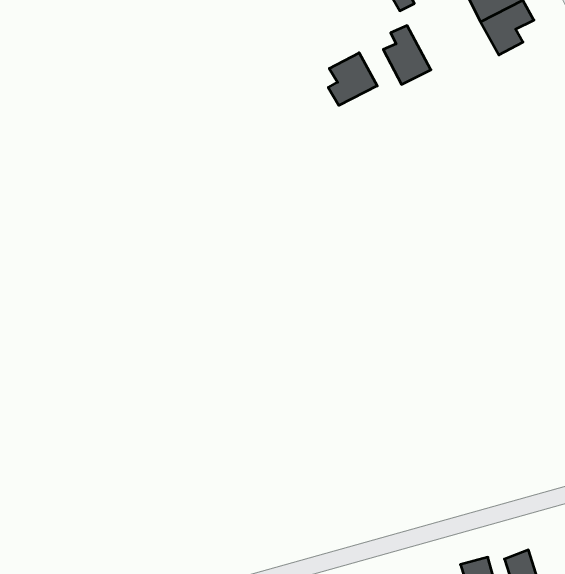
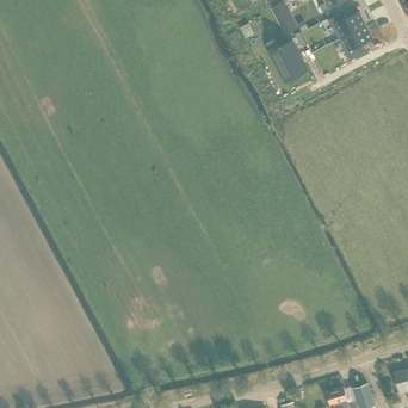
building: [328,53,377,105] -> none

